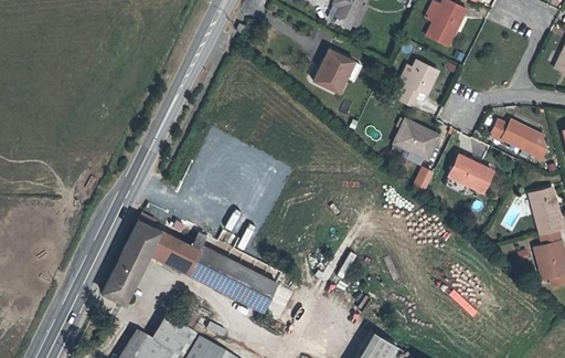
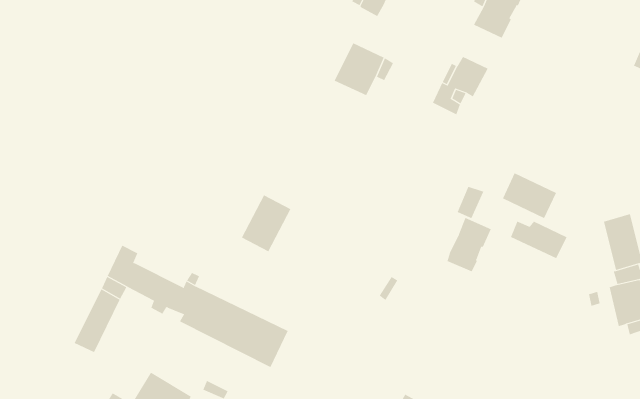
building: [395,118,439,157] -> none
building: [492,119,539,150] -> [510,221,568,259]
building: none -> [241,195,291,252]
building: none -> [447,217,491,272]

